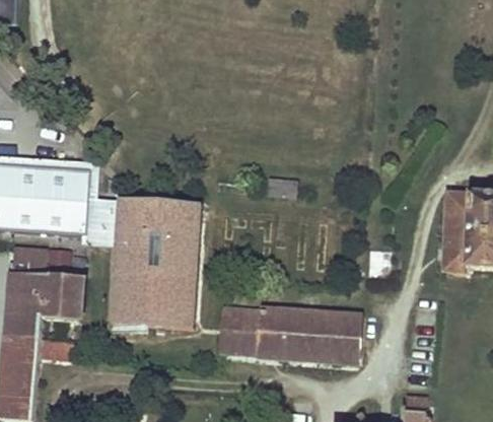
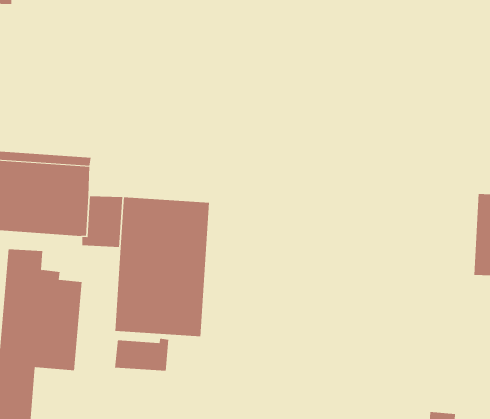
building: [218,305,361,360] -> none
building: none -> [115,338,169,372]

